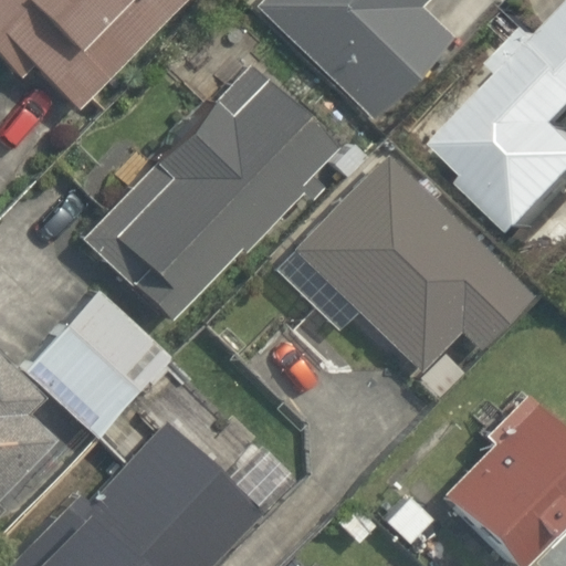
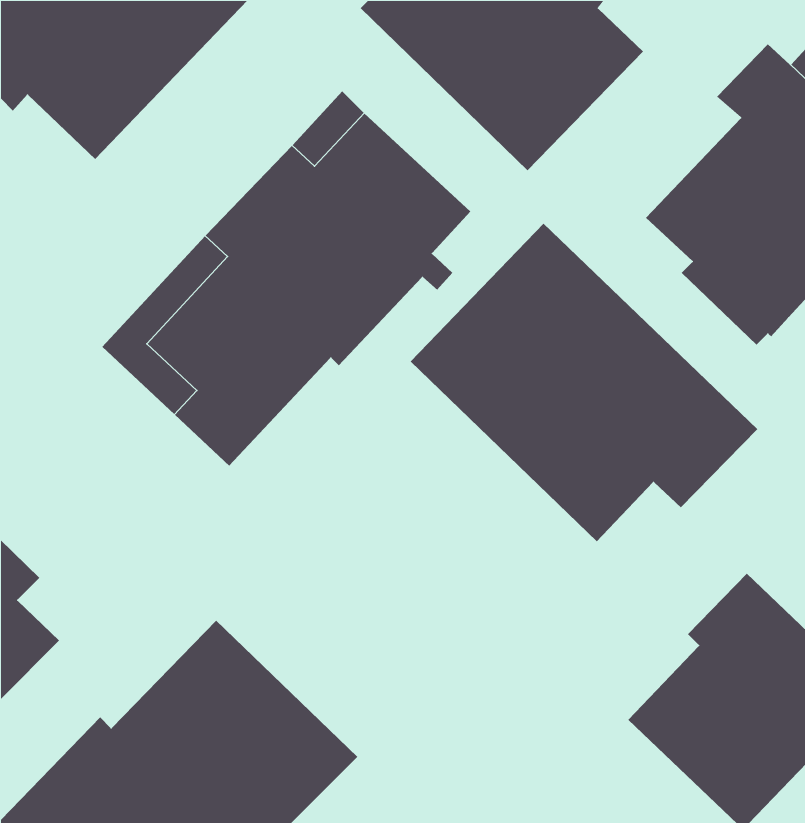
building: [28,292,174,438] -> none

